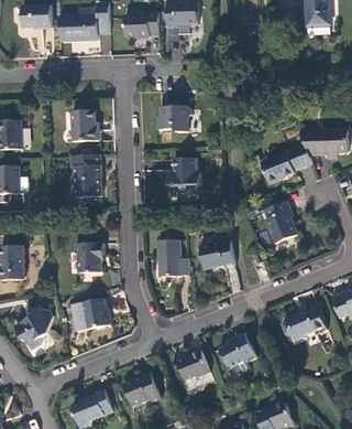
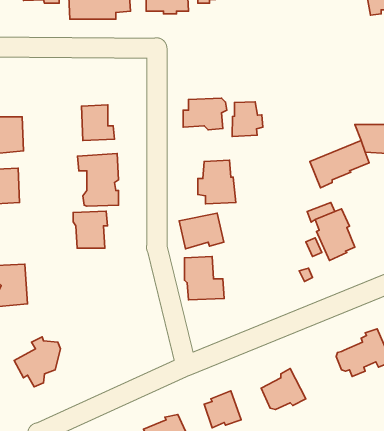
building: none -> [232,102,263,136]
building: [199,238,237,268] -> [179,213,224,249]
building: [75,243,103,274] -> [73,211,108,248]
building: [82,300,110,330] -> none

